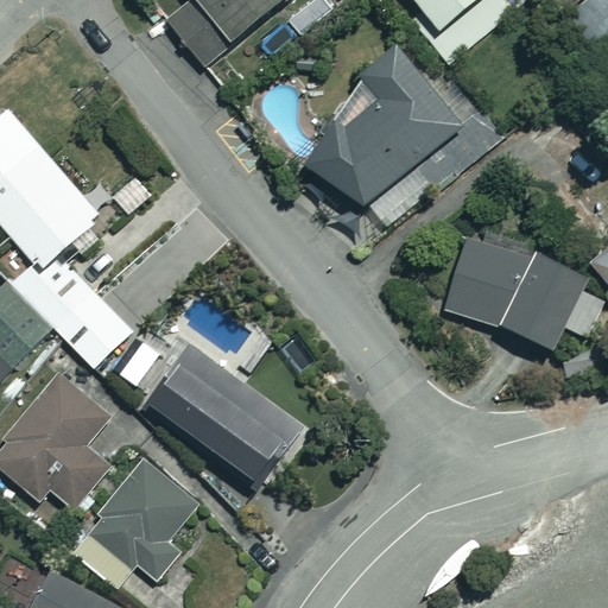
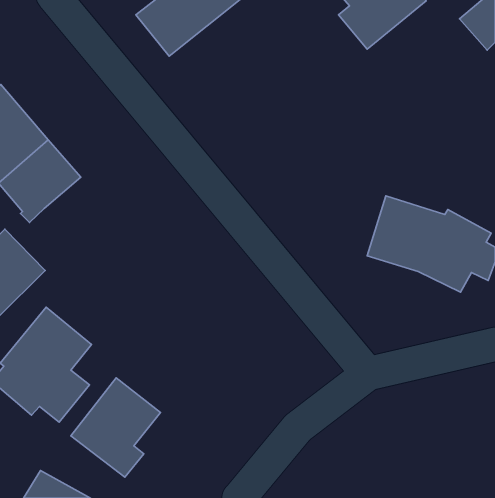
building: [310,46,468,209] -> none
building: [6,252,127,365] -> none
building: [144,341,299,480] -> none

